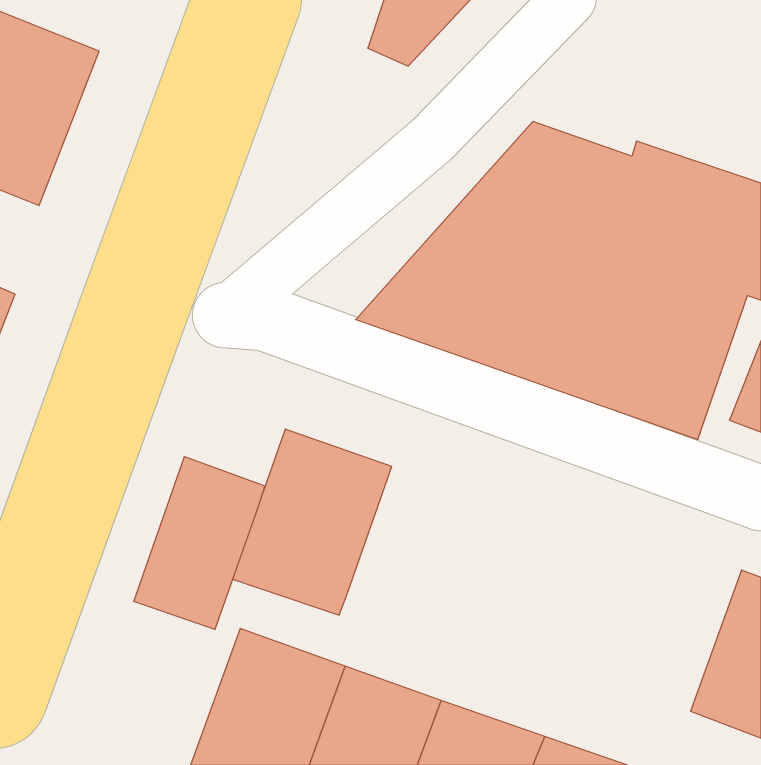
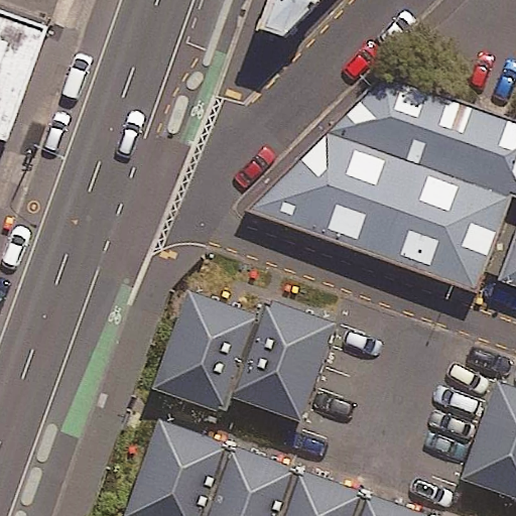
building: none -> [234,299,338,421]
building: [134,457,265,630] -> none

